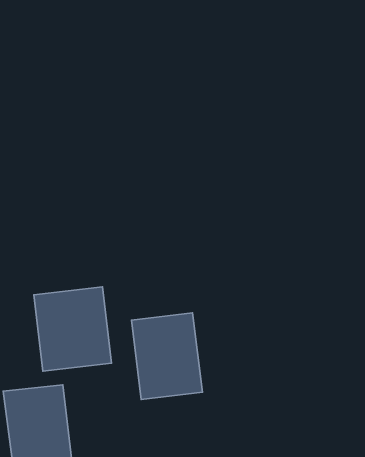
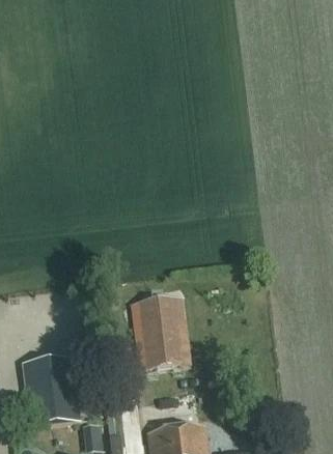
building: [34,287,112,371] -> none

